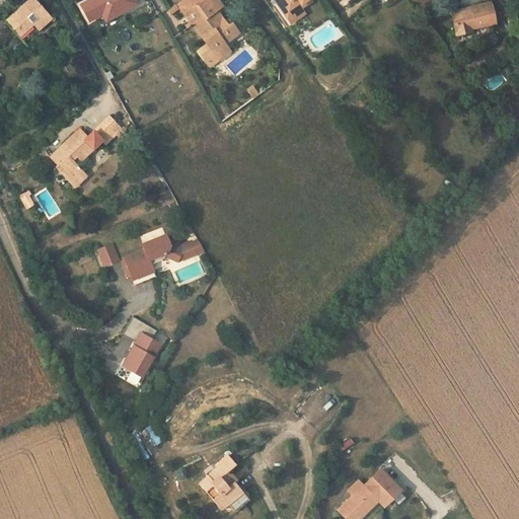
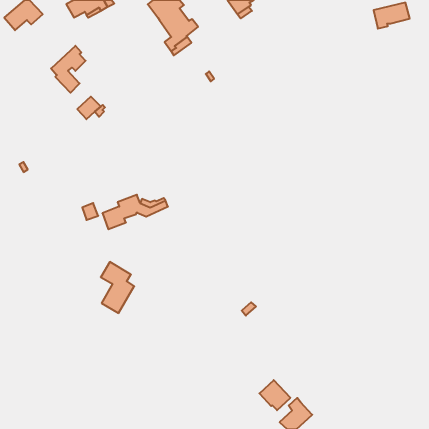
building: [51,130,92,187] -> [51,46,86,93]
building: [199,454,248,510] -> none
building: [363,469,400,506] -> [259,380,290,410]

